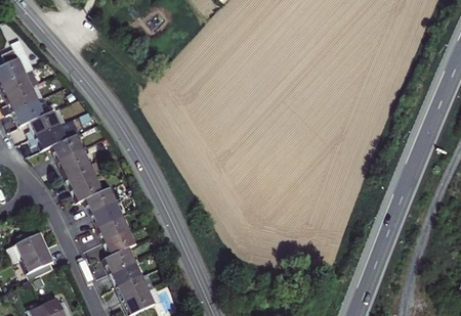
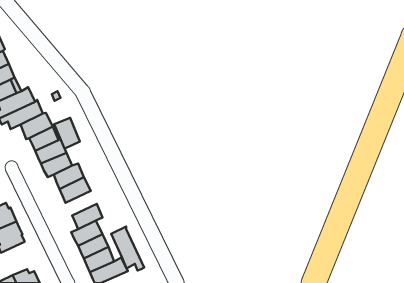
building: none -> [54,118,80,149]
building: [96,217,129,242] -> none
building: none -> [111,226,144,270]

